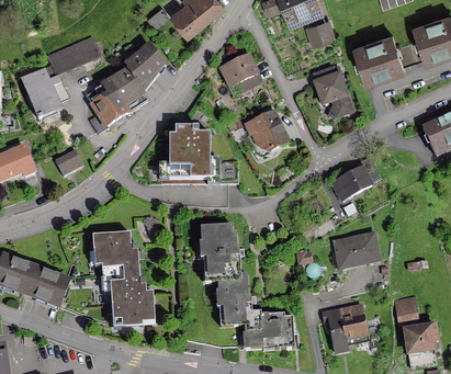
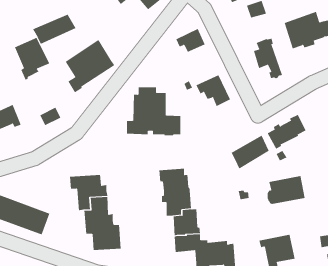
building: [125,45,165,93] -> none
building: none -> [231,135,270,169]

